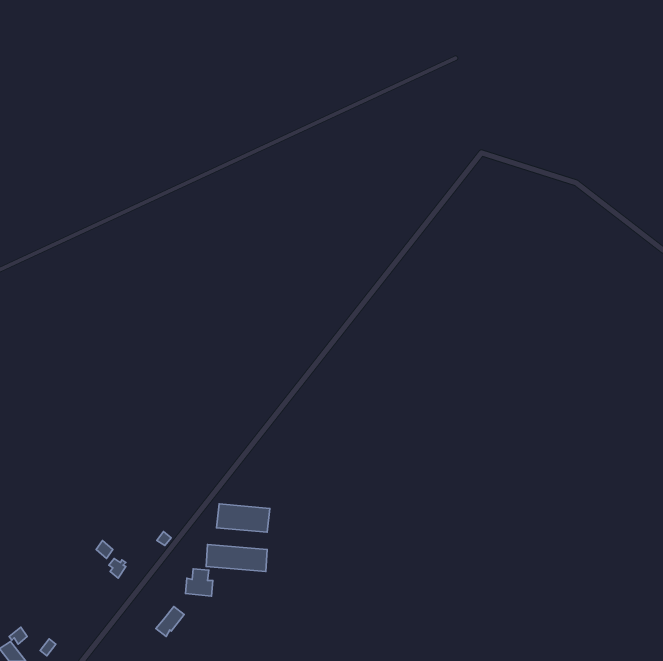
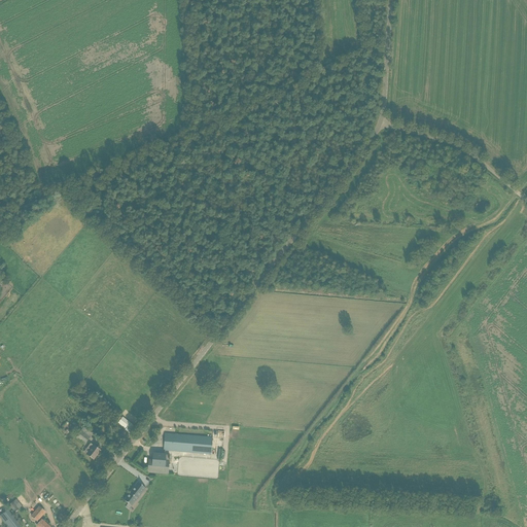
building: [217,504,270,532] -> none

